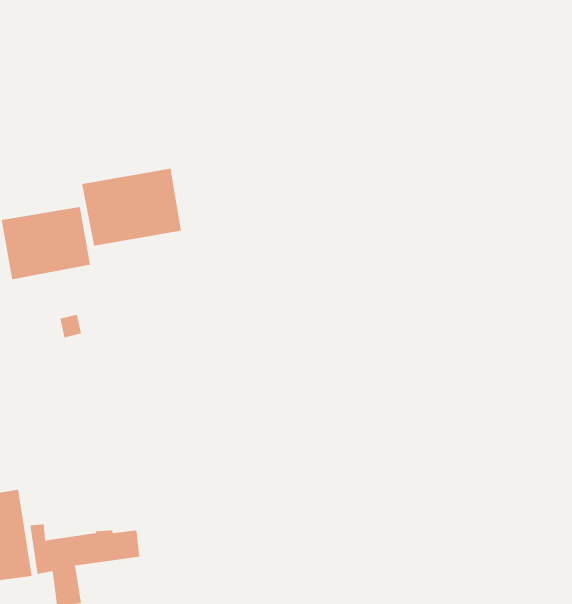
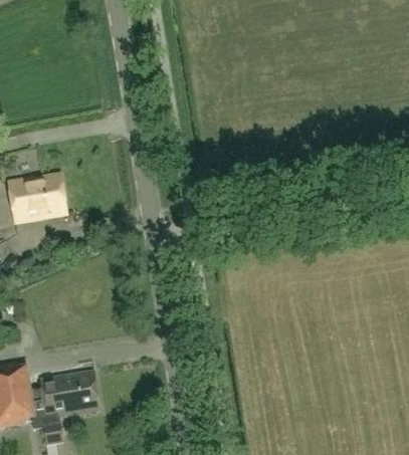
building: [82,168,182,246] -> none
building: none -> [36,368,98,397]

